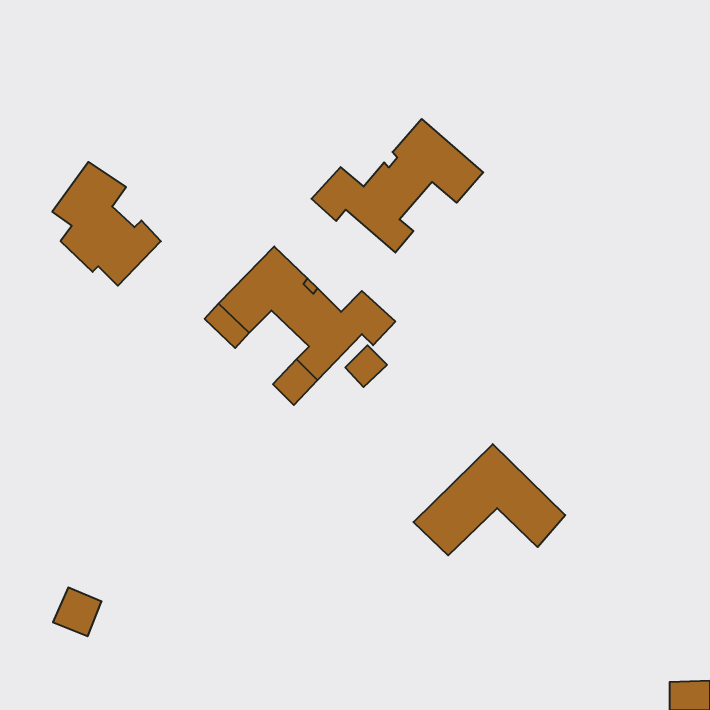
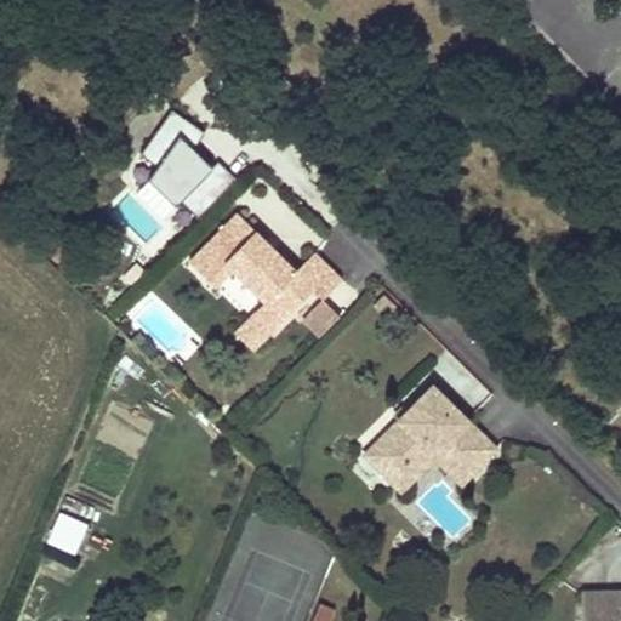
building: [311,119,483,253] -> none
building: [52,162,161,286] -> [142,113,237,221]
building: none -> [391,443,468,494]

